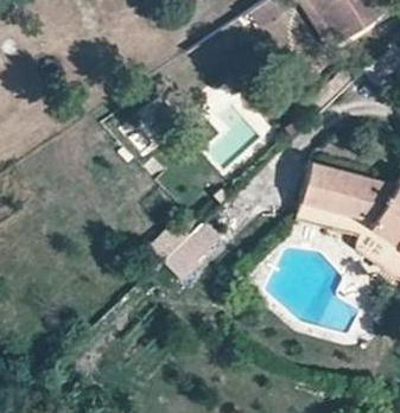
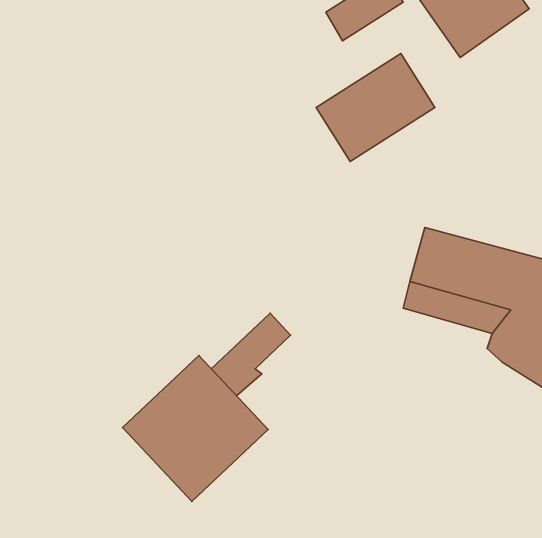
building: none -> [316,54,435,161]
building: none -> [123,356,268,502]

